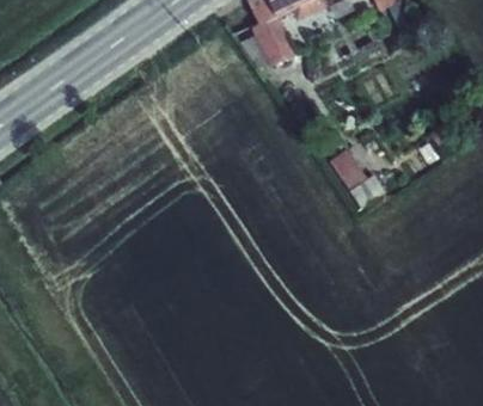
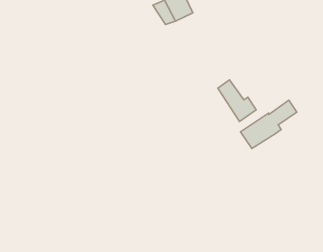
building: none -> [241,100,297,149]

